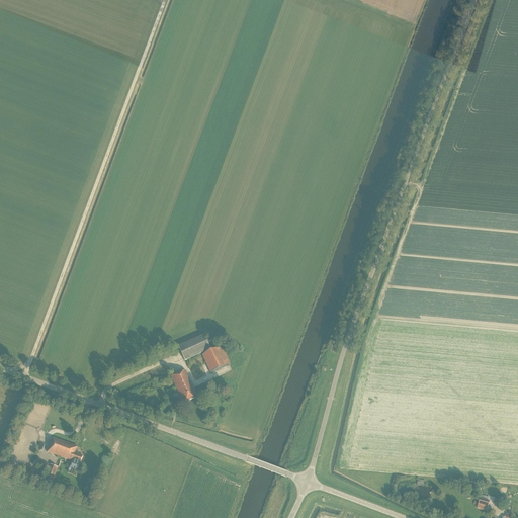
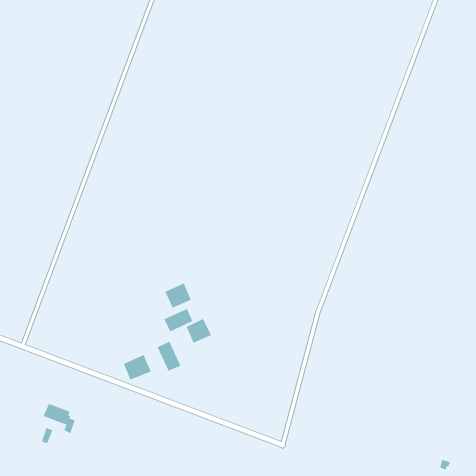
building: none -> [165,282,191,308]
building: none -> [123,354,152,381]

